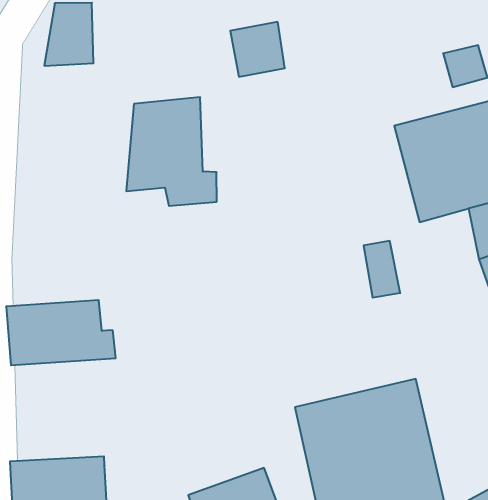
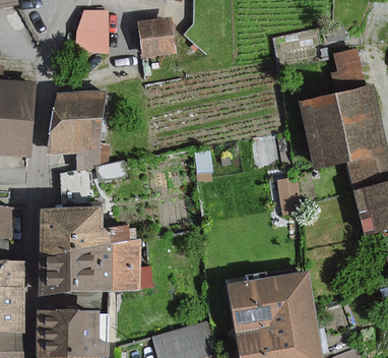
building: [230,22,285,77] -> [139,20,174,55]
building: [126,97,217,206] -> [49,94,109,164]
building: none -> [42,227,139,290]

